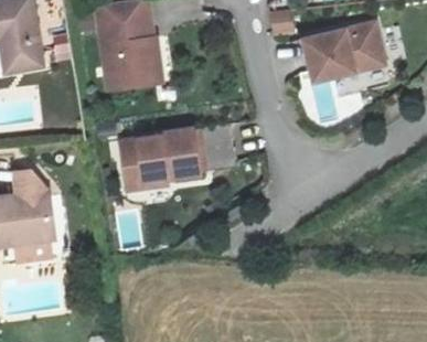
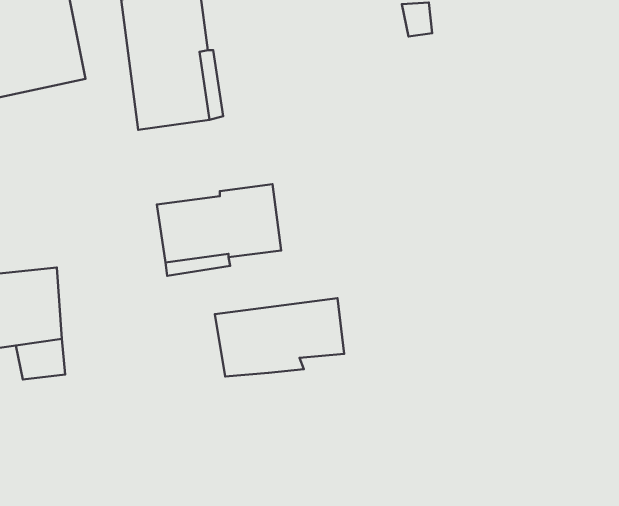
building: [297,18,378,76] -> none
building: none -> [215,298,344,376]

